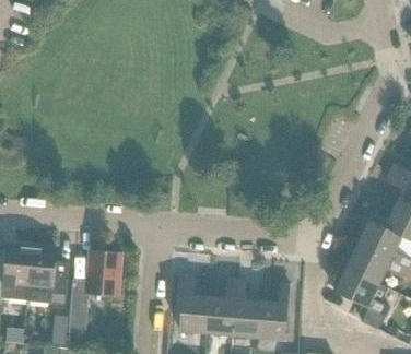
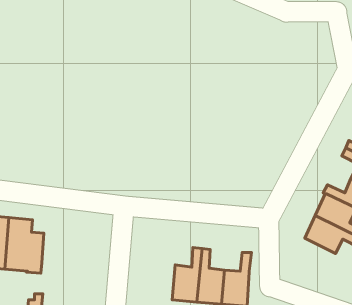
building: [70,250,122,320] -> none
building: [334,268,390,316] -> none
building: [179,274,209,333] -> none

